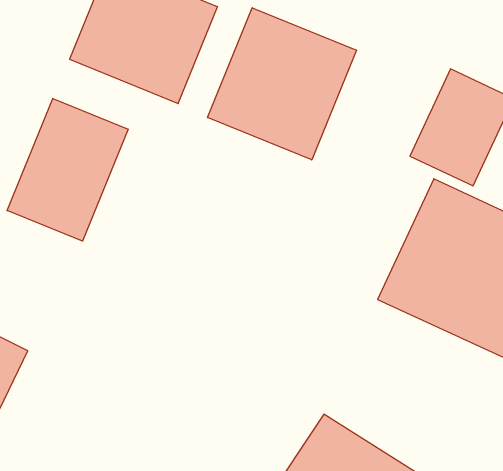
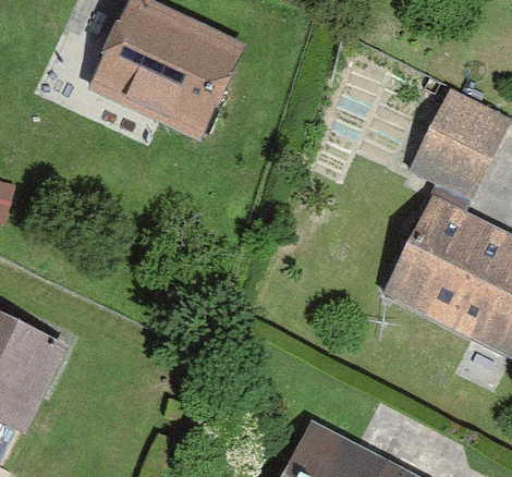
building: [208,8,356,160] -> none
building: [7,98,128,241] -> none

